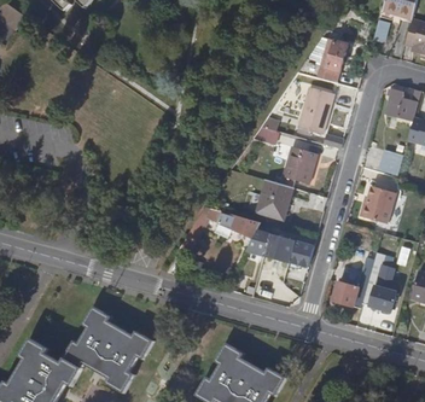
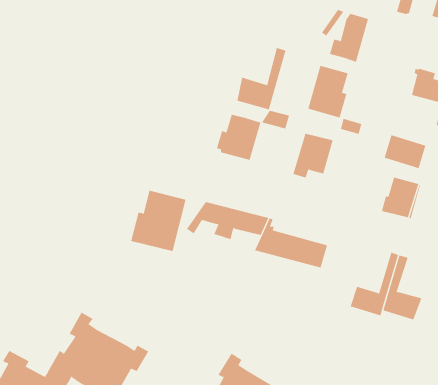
building: none -> [237,47,286,110]
building: [254,179,293,220] -> [216,114,261,161]
building: none -> [130,190,186,252]

